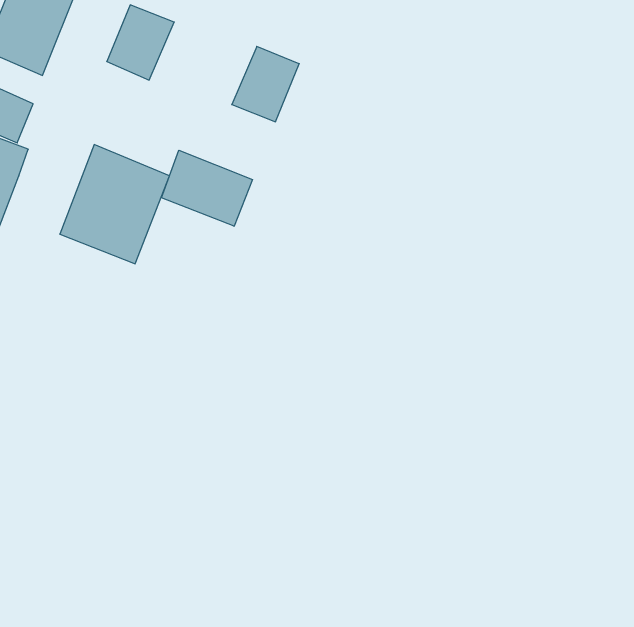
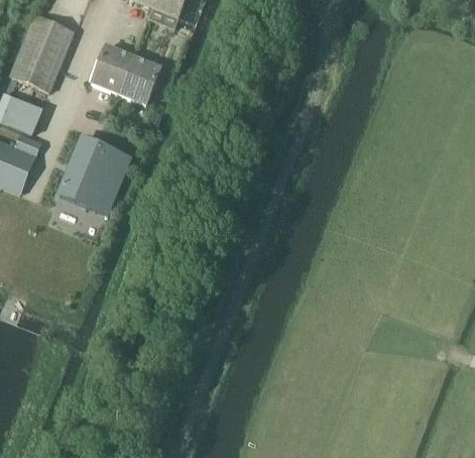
building: [232,46,299,122] -> [117,56,160,105]
building: [162,150,252,226] -> none

